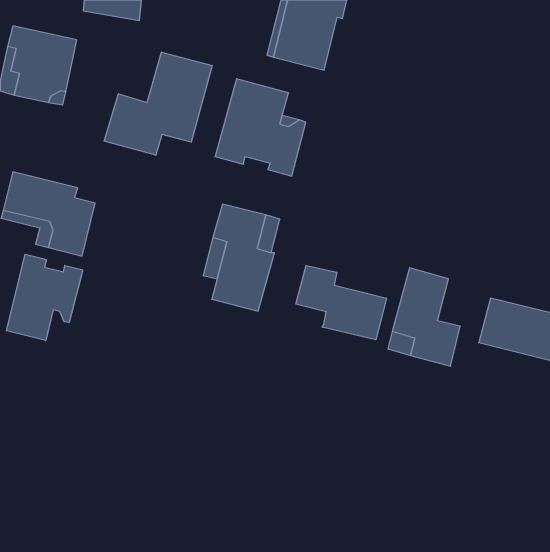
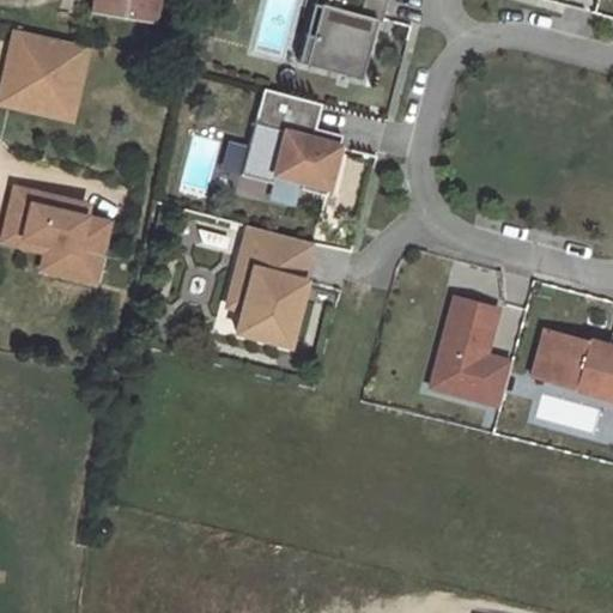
building: [104,52,212,155] -> none
building: [6,254,83,341] -> none
building: [296,265,386,340] -> none

